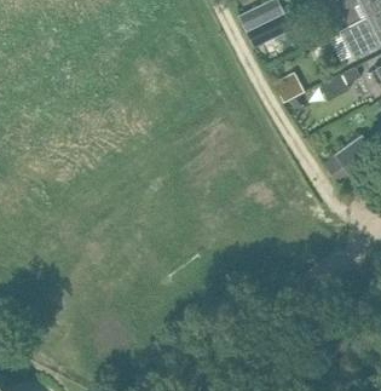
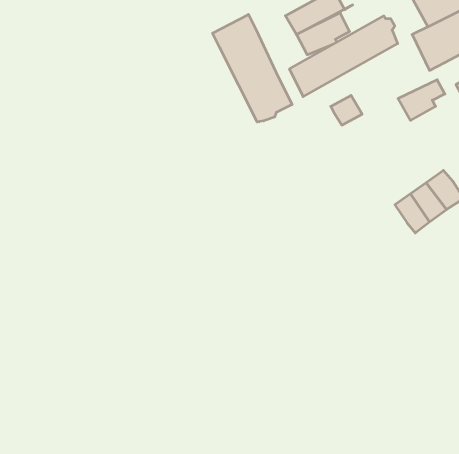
building: none -> [213,14,292,122]
building: none -> [290,16,398,97]

